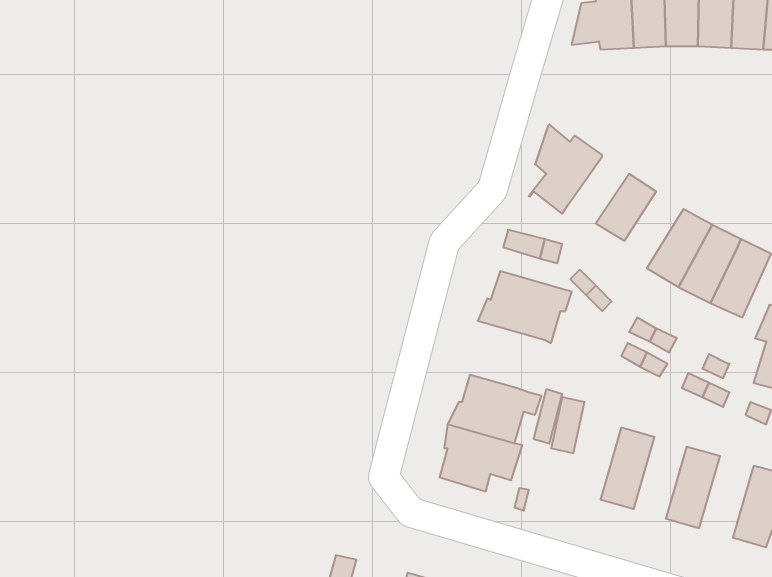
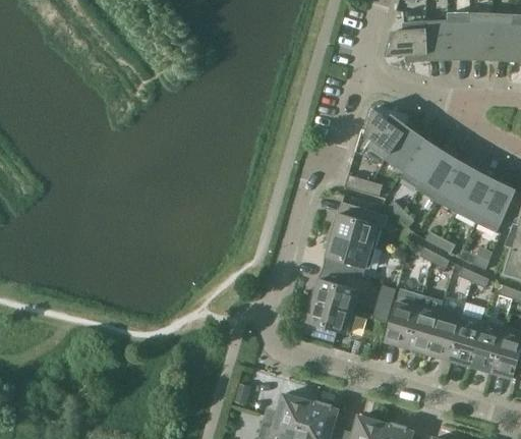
building: none -> [387,127,425,171]
building: none -> [418,151,460,200]
building: none -> [324,233,371,279]
building: none -> [386,295,420,347]
building: none -> [428,308,462,360]
building: none -> [470,320,505,372]

